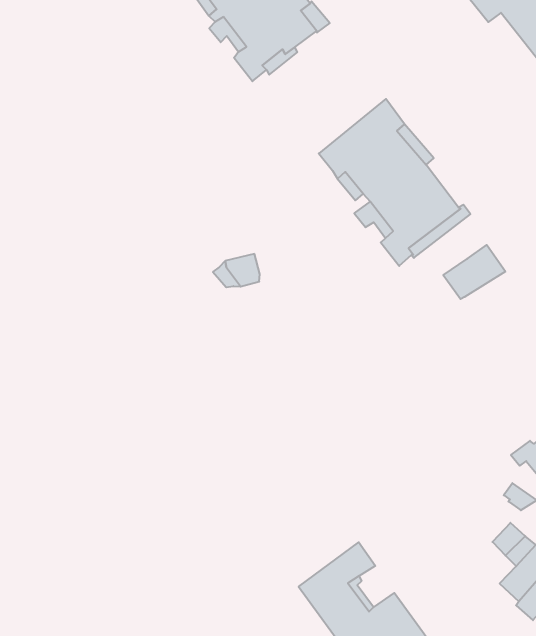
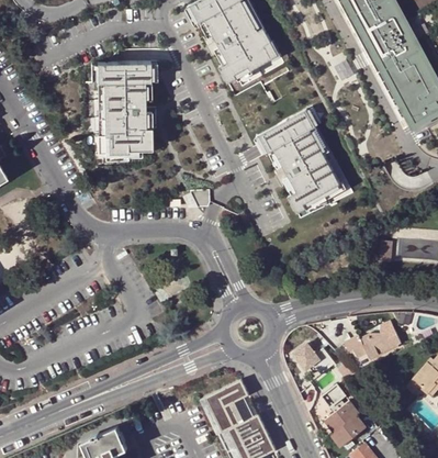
building: none -> [96,64,154,156]
building: [443,245,505,299] -> none
building: none -> [294,344,334,371]

